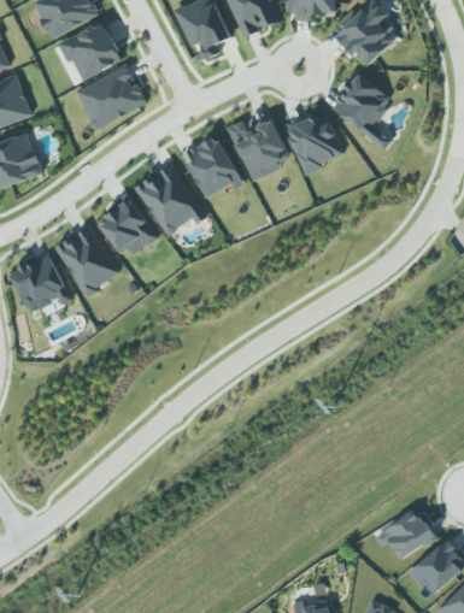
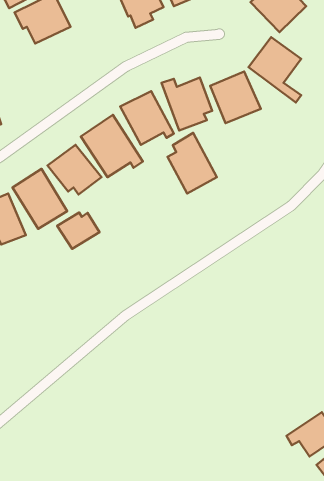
building: [75,64,147,129] -> none
building: none -> [168,133,217,193]
building: none -> [57,212,100,249]

